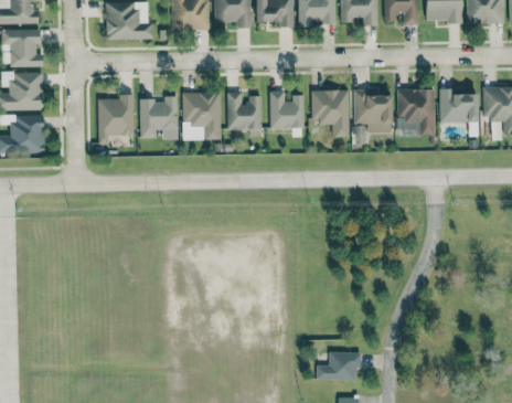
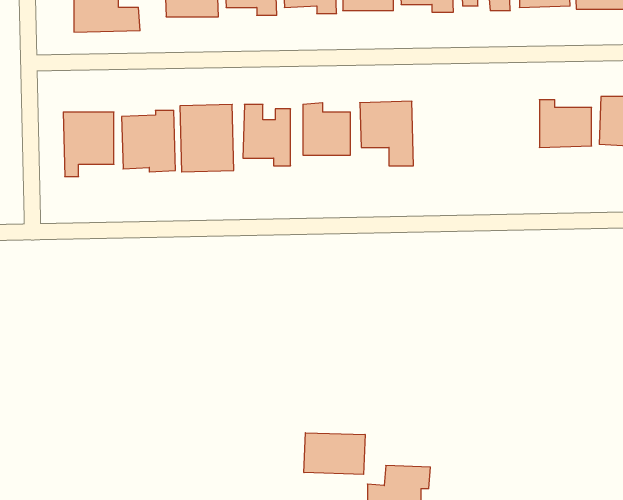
building: [398,88,435,136] -> none
building: [354,92,392,132] -> none
building: none -> [304,433,365,474]

